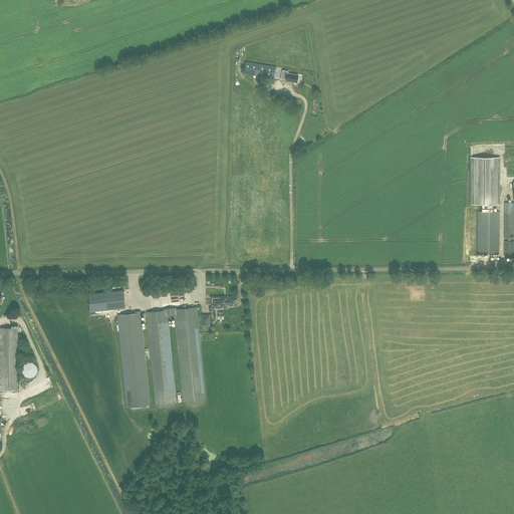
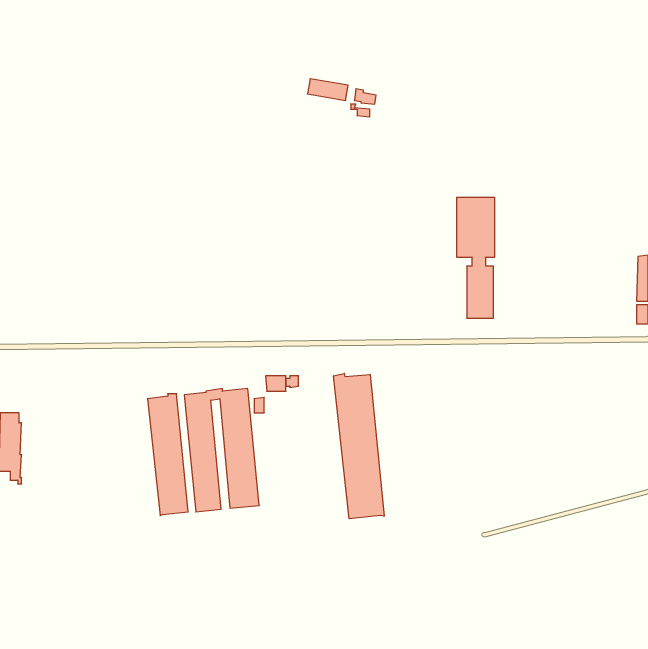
building: [469,158,499,253] -> [457,197,495,318]
building: [87,290,124,312] -> none
building: none -> [334,373,384,519]

